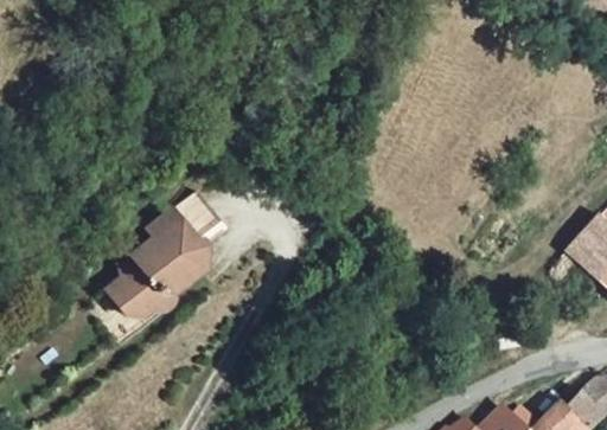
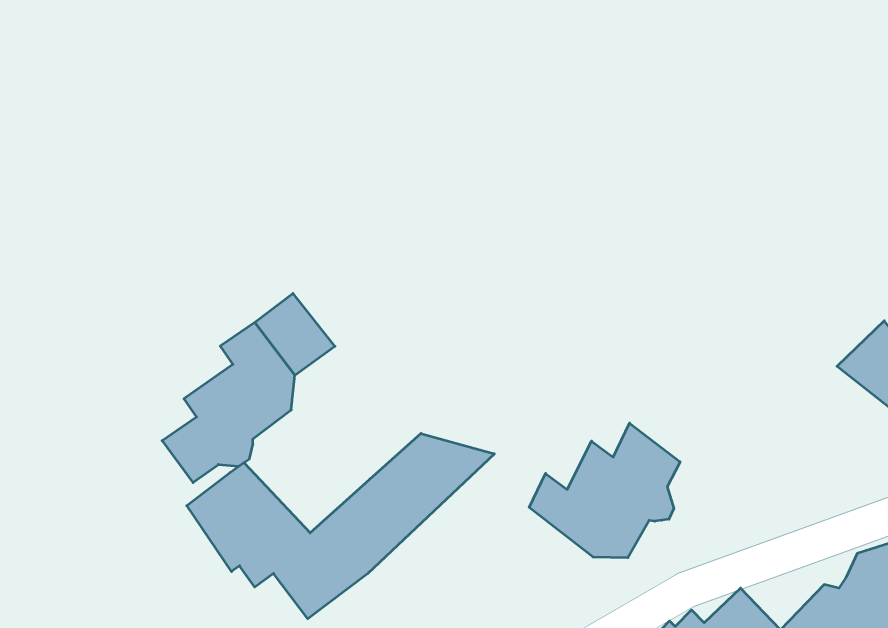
building: none -> [529,423,680,558]
building: none -> [187,433,494,619]

